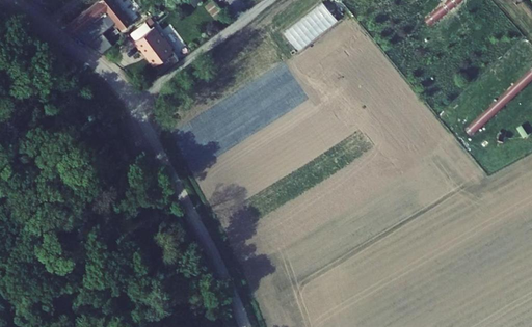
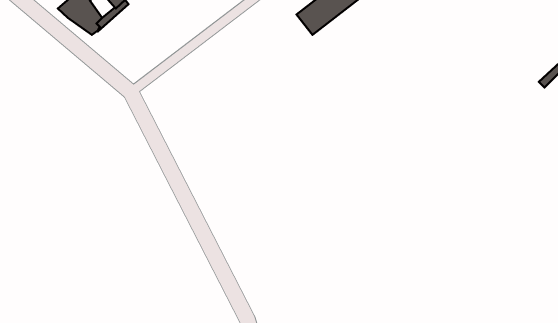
building: [134,27,181,73] -> none

